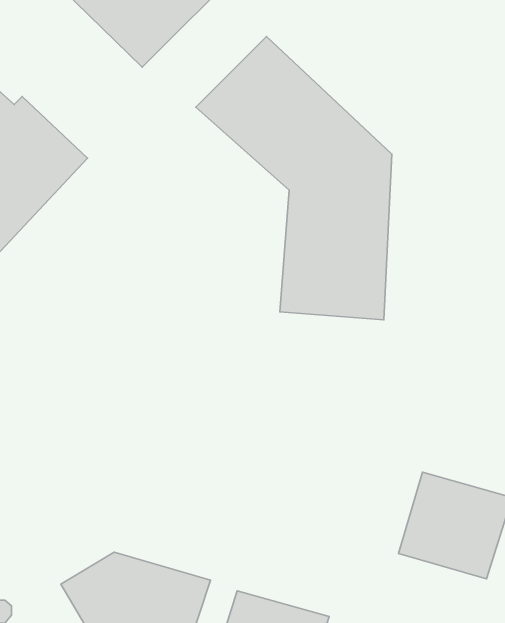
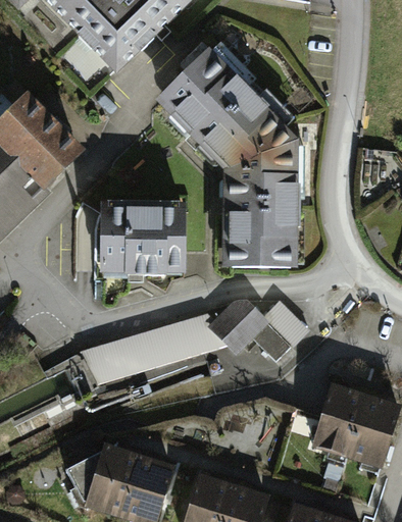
building: none -> [92,201,187,279]
building: none -> [77,301,309,384]

